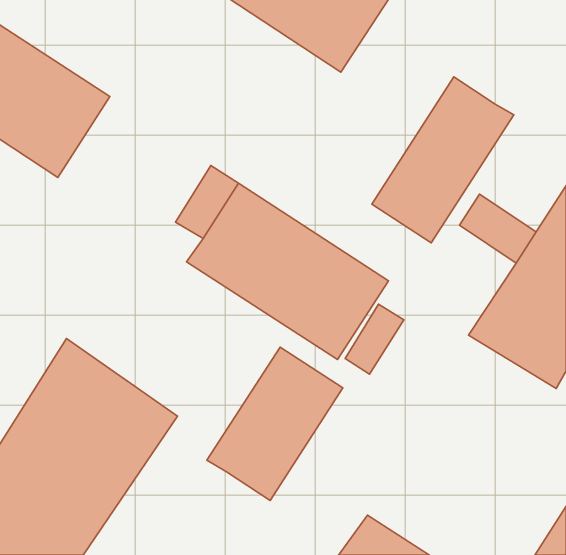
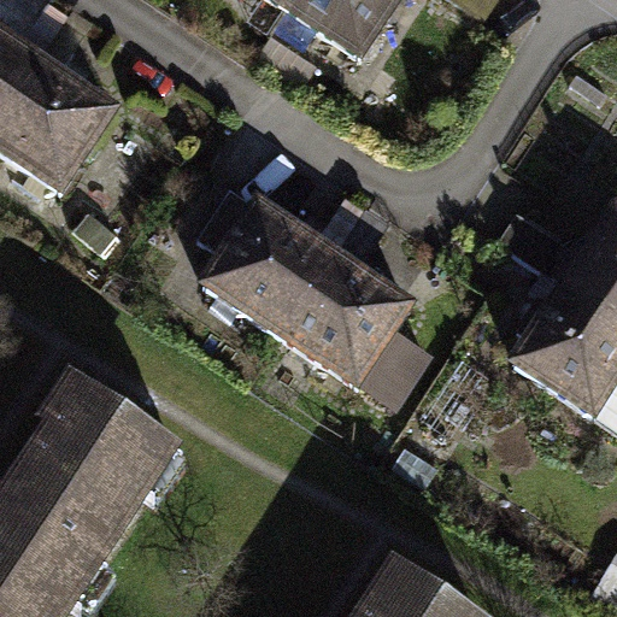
building: [372,77,514,243] -> none
building: [207,347,343,501] -> none

